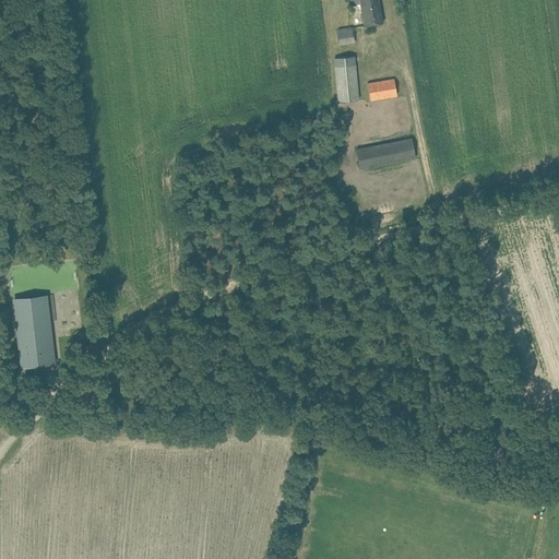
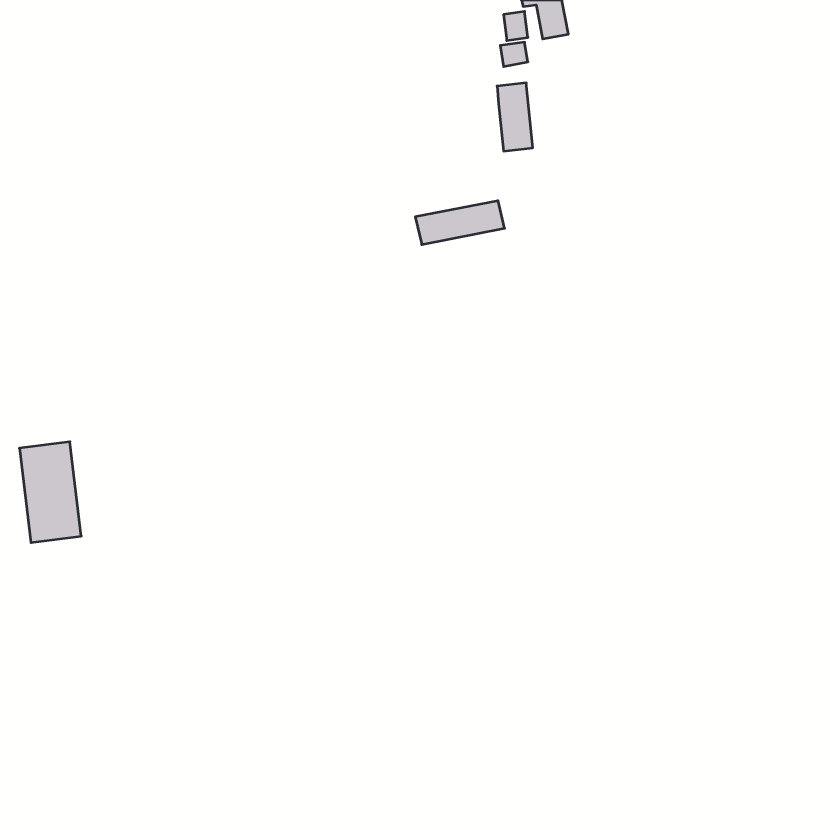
building: [367,79,396,99] -> none
building: [356,139,416,168] -> [415,201,505,245]

